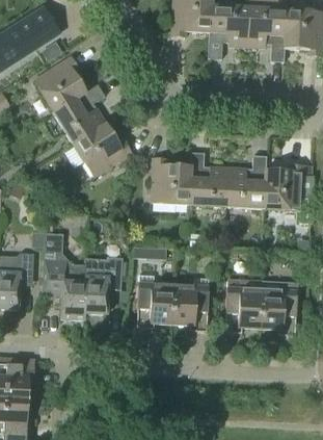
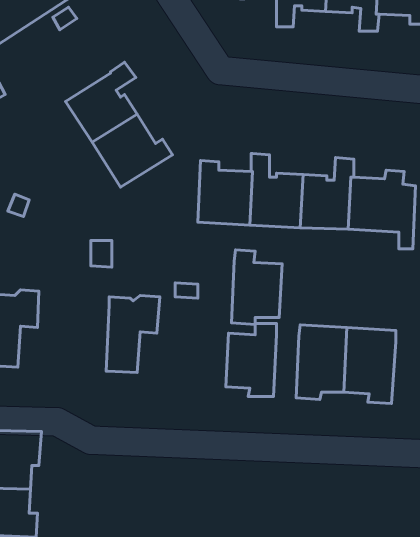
building: [33,55,86,112] -> none
building: [42,233,85,319] -> none
building: [136,274,173,329] -> [231,250,282,324]

